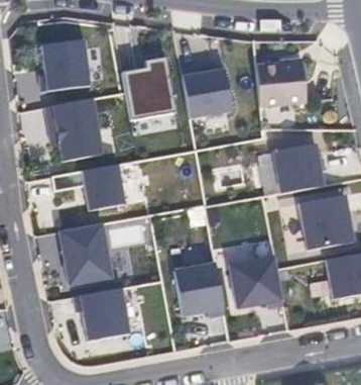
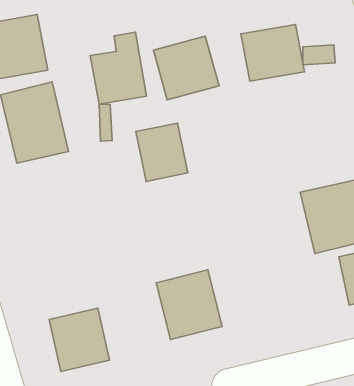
building: [270,138,326,195] -> none
building: [83,163,124,210] -> [136,123,188,181]
building: [57,224,112,288] -> none
building: [231,256,280,307] -> none

